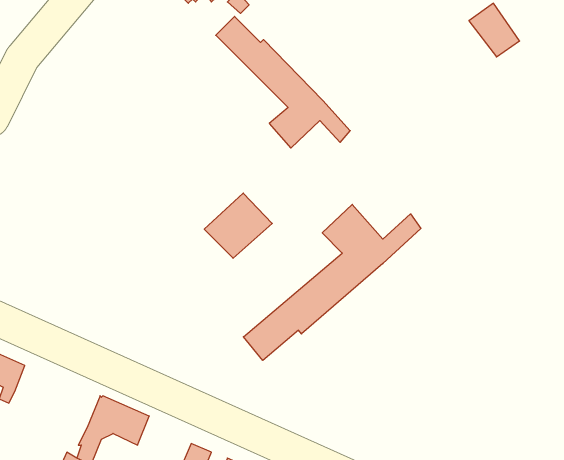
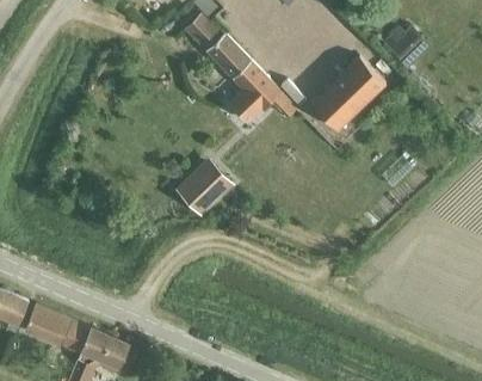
building: none -> [310,56,384,130]
building: [243,204,421,360] -> none
building: none -> [25,305,88,354]

